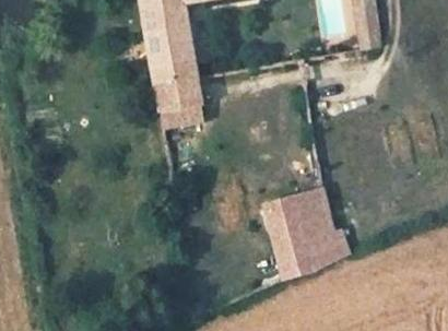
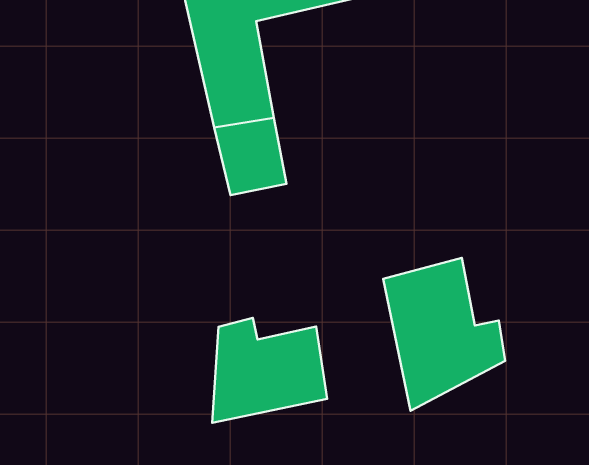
building: none -> [212,318,327,423]

